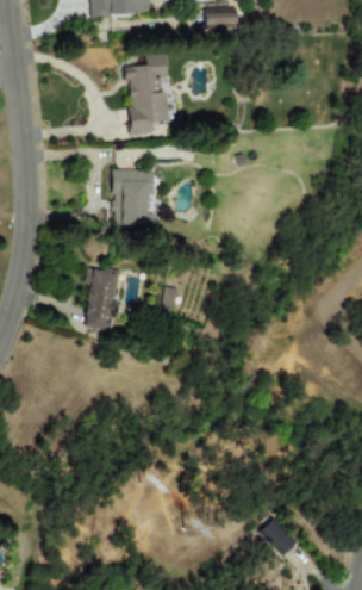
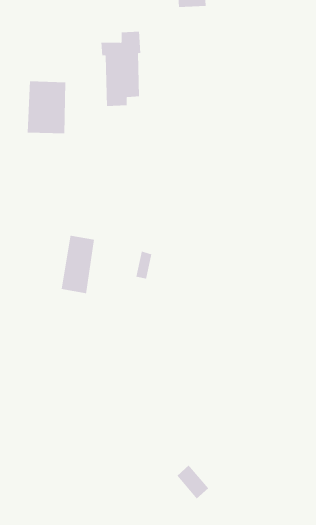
building: [112,169,154,225] -> [27,81,66,134]
building: [260,518,294,555] -> [176,464,209,499]

